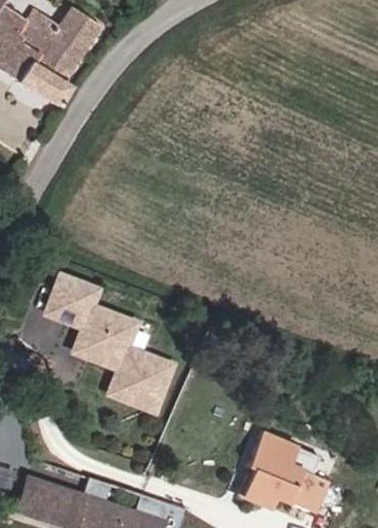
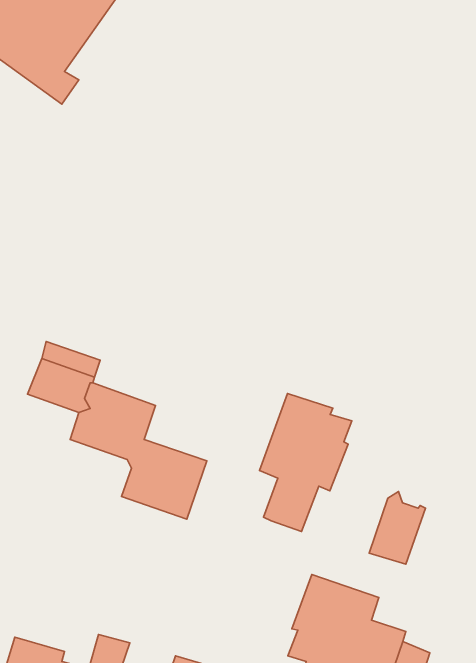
building: none -> [260,394,352,532]
building: none -> [369,492,425,564]

